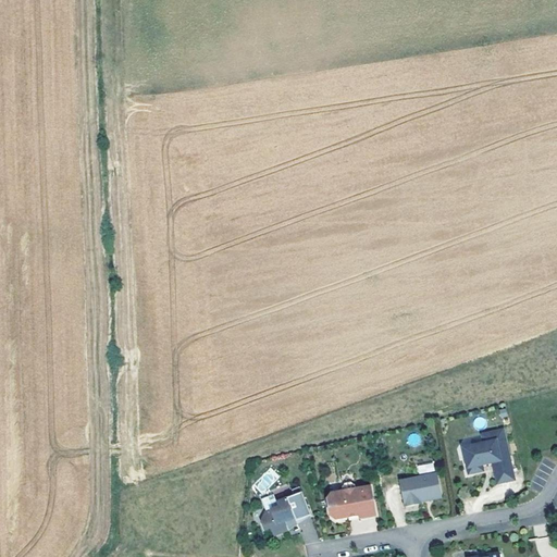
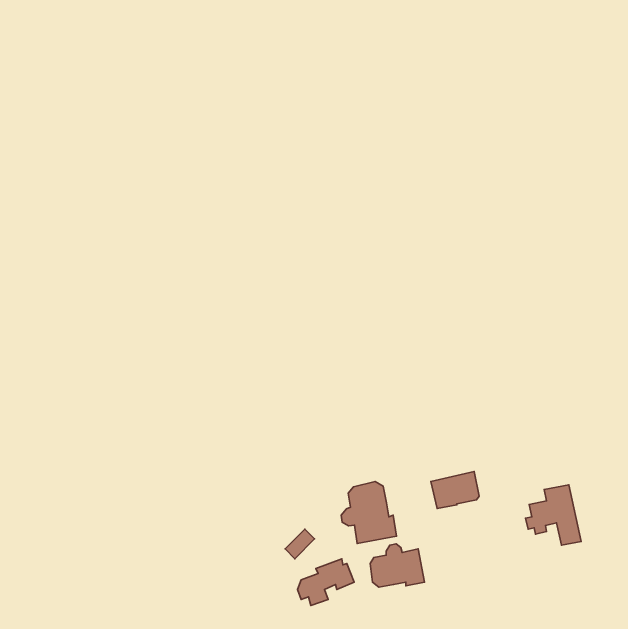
building: none -> [341,482,397,544]
building: [397,471,440,504] -> [431,472,479,509]

